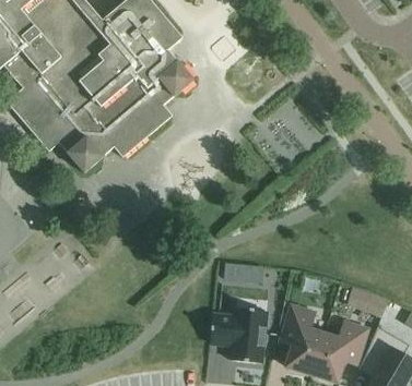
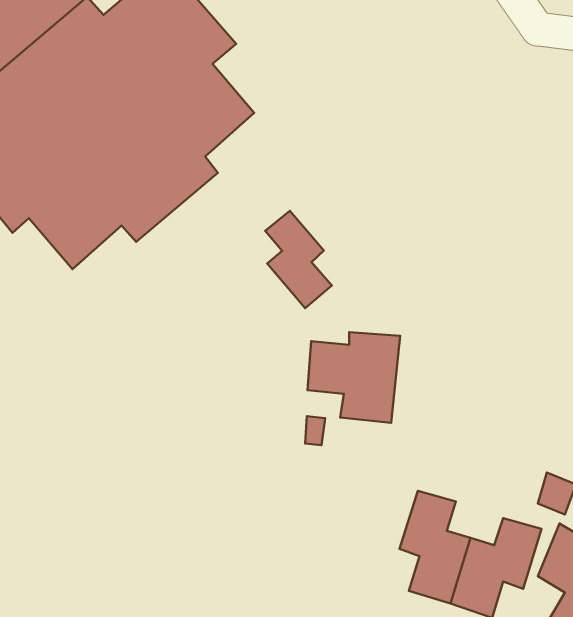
building: none -> [265,211,332,308]
building: [210,307,266,362] -> [307,332,400,423]

